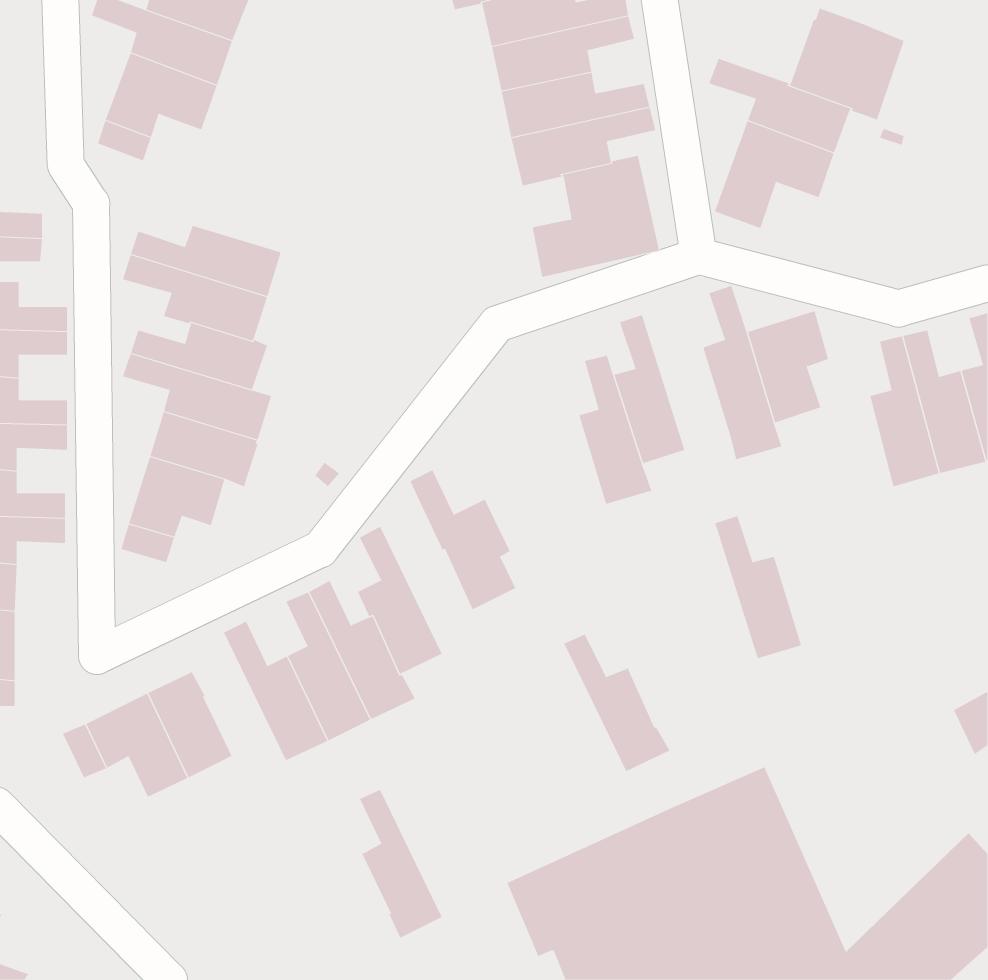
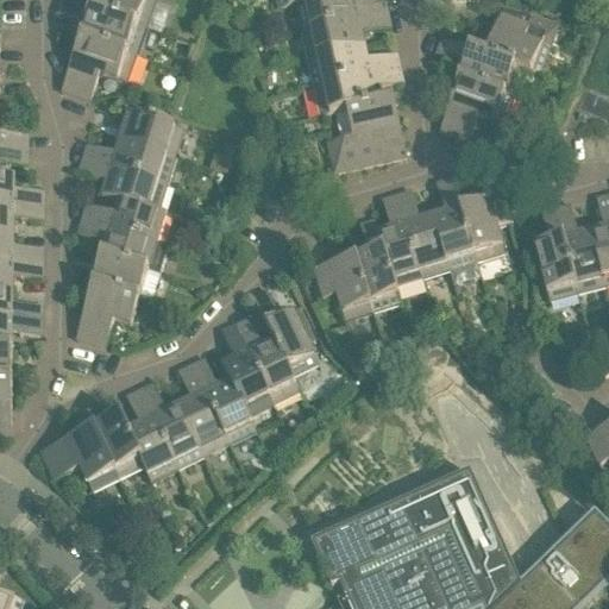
building: none -> [118,109,181,155]
building: none -> [312,255,371,318]
building: [714,515,802,659] -> [394,188,447,276]
building: [564,634,670,772] -> [233,316,299,401]
building: [359,789,443,939] -> [124,388,175,479]

